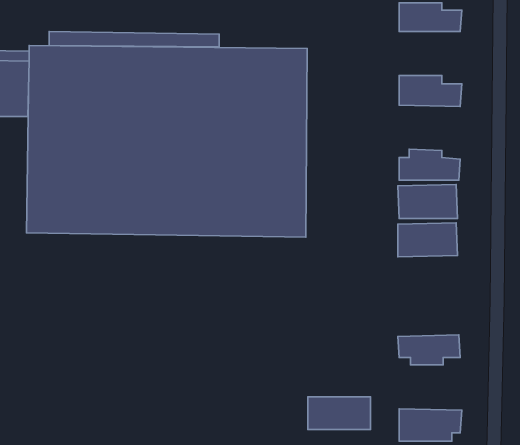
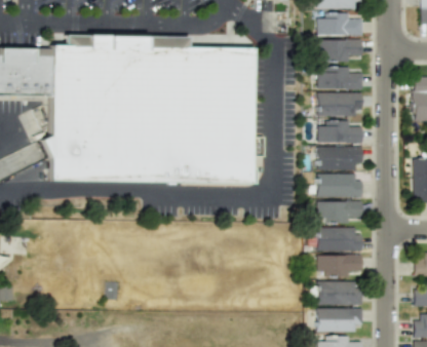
building: none -> [319,39,363,61]
building: none -> [318,92,361,116]
building: none -> [319,200,363,223]
building: none -> [318,227,361,252]
building: [308,397,370,430] -> [318,281,363,305]

